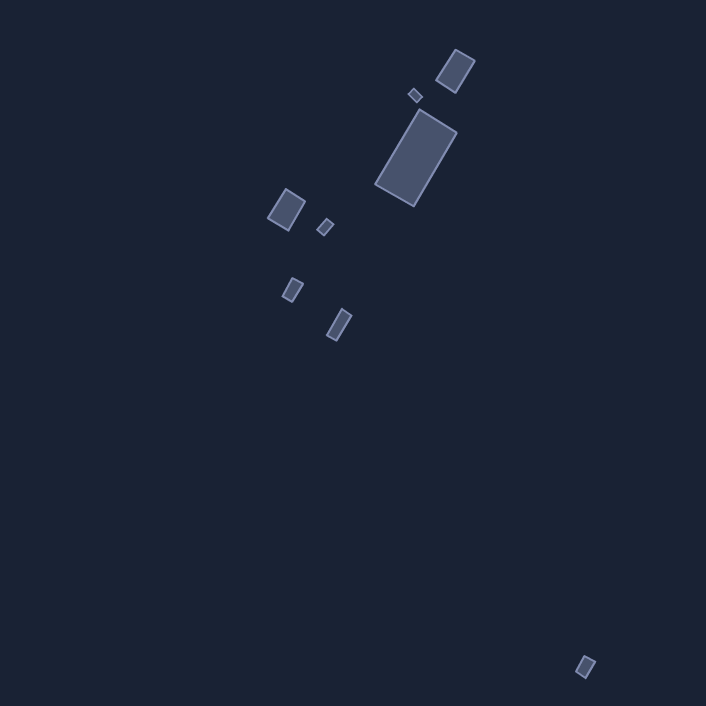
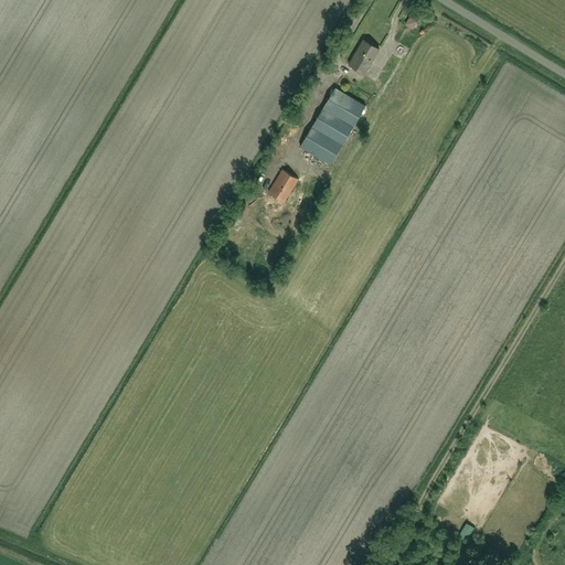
building: [268,189,305,231] -> [267,170,297,203]

